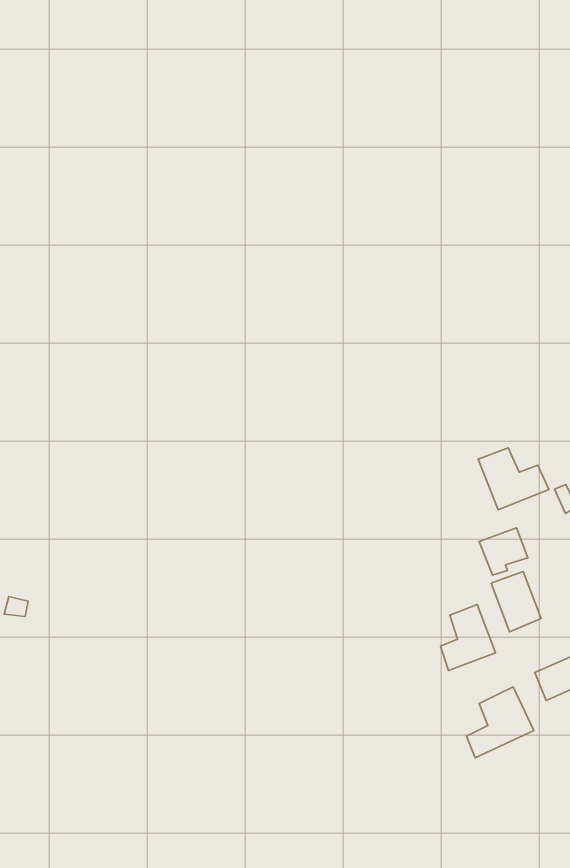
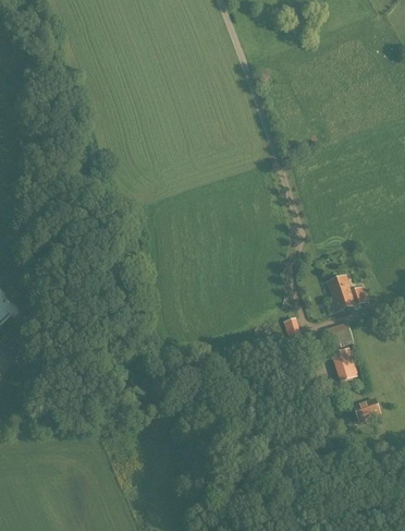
building: [441,604,495,670] -> none
building: [466,687,534,758] -> none

